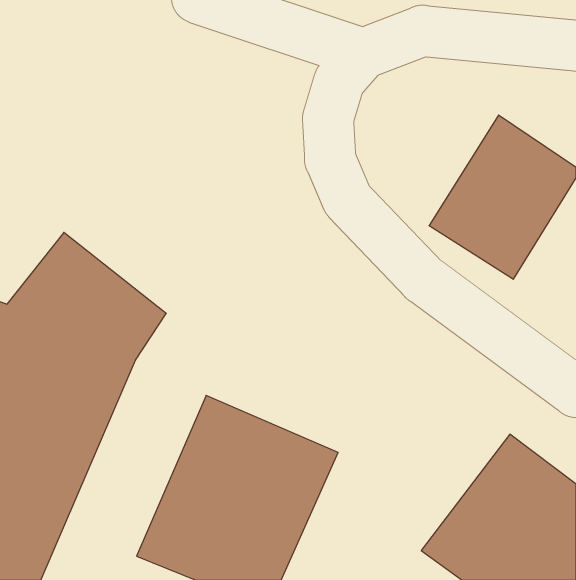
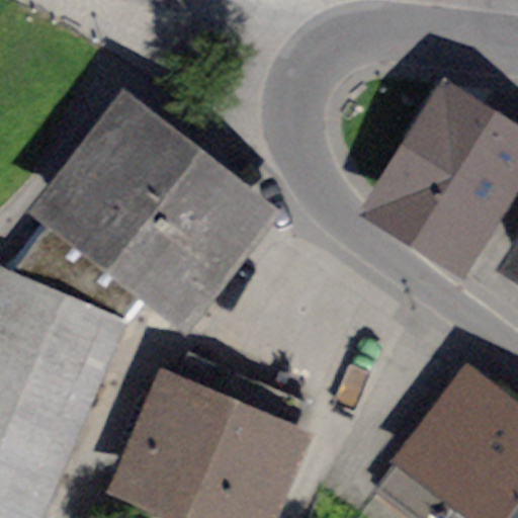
building: none -> [57,121,243,300]

